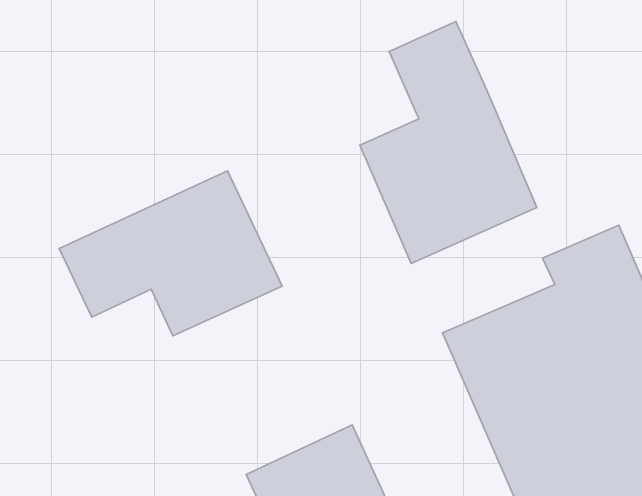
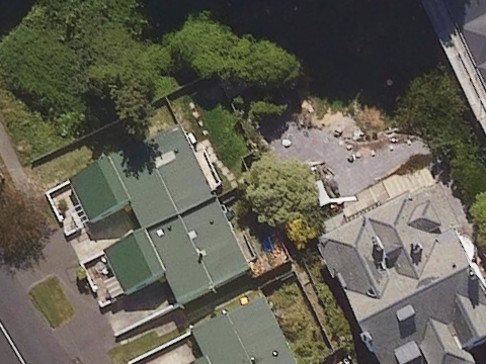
building: [360,21,537,264] -> none
building: none -> [107,201,248,302]

